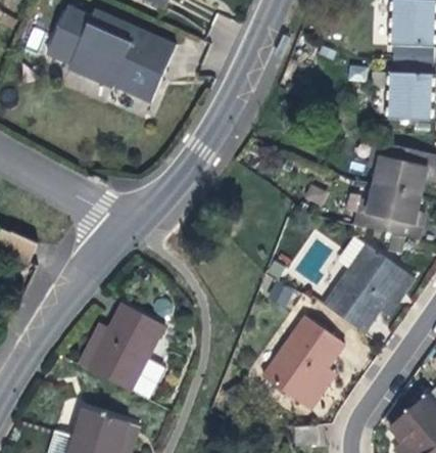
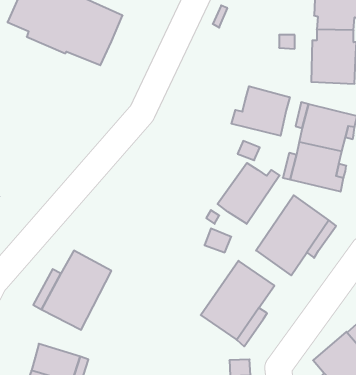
building: none -> [231,86,290,136]
building: none -> [218,163,280,224]

